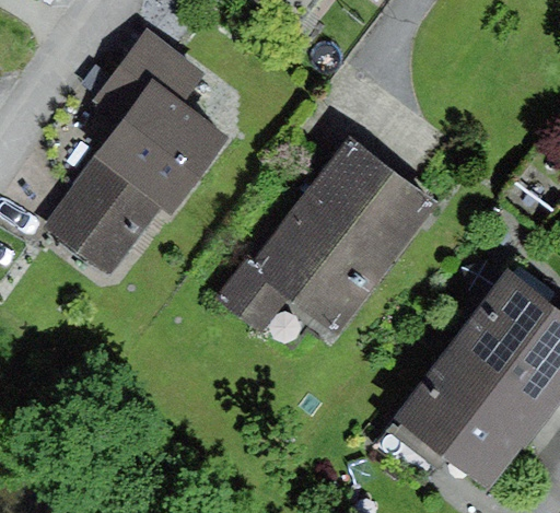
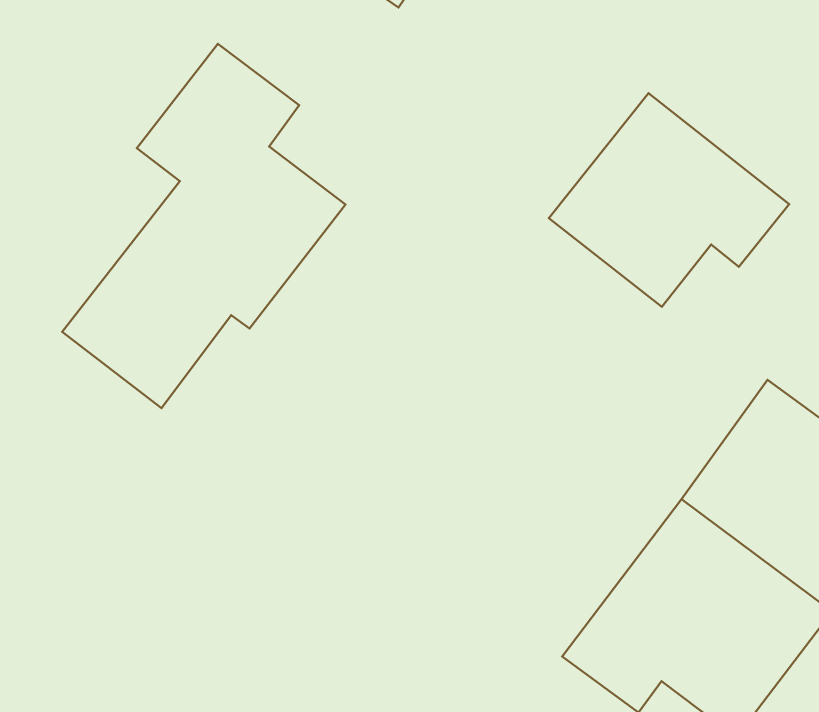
building: none -> [549,93,789,307]
building: [210,139,433,334] -> none

